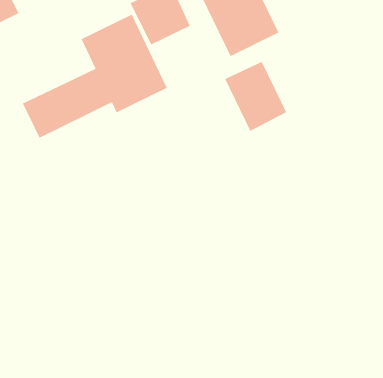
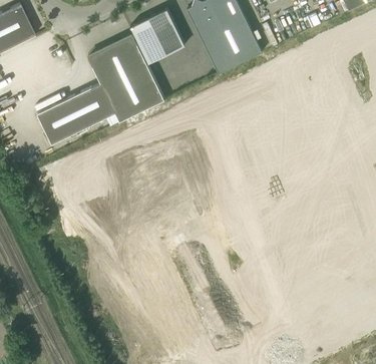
building: [224,61,287,133] -> none

